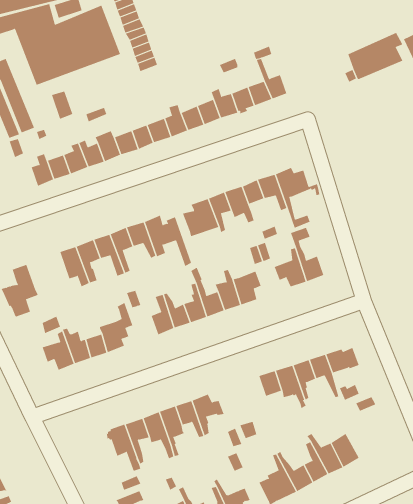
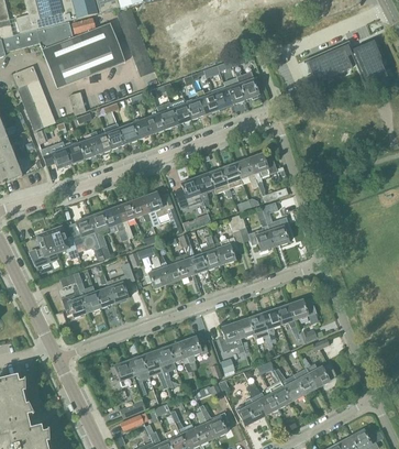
building: none -> [48,226,79,259]
building: none -> [217,320,245,351]
building: none -> [301,355,335,386]

